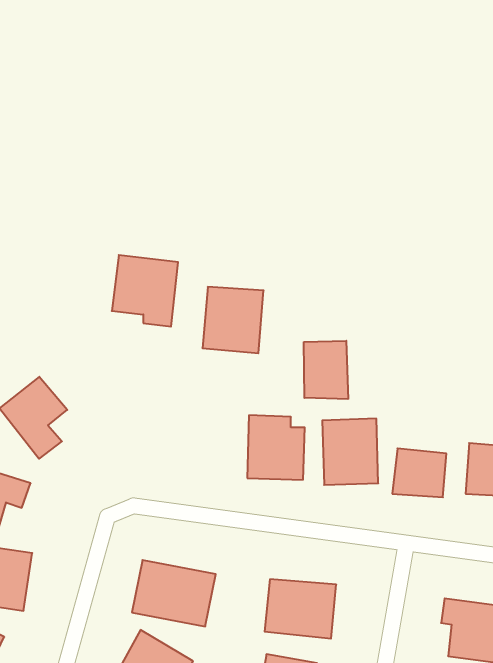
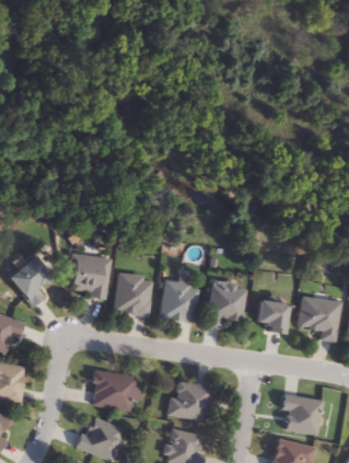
building: [112,255,178,327] -> [68,253,109,298]
building: [202,287,264,353] -> [114,273,152,314]
building: [304,341,348,399] -> none

